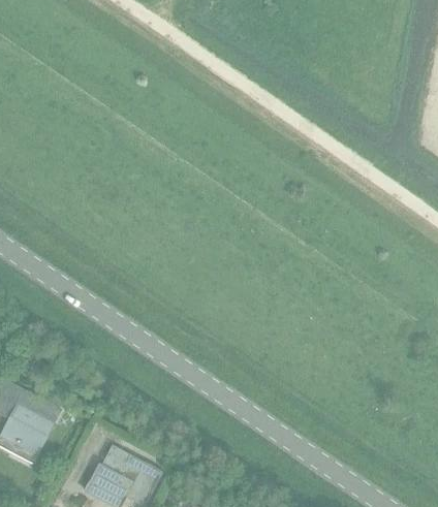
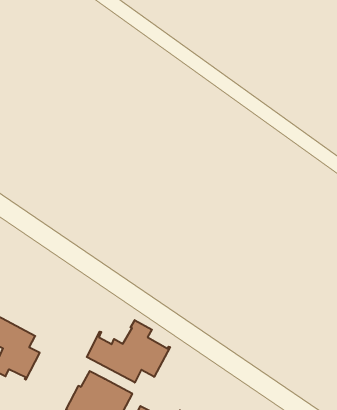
building: none -> [87,320,170,383]

